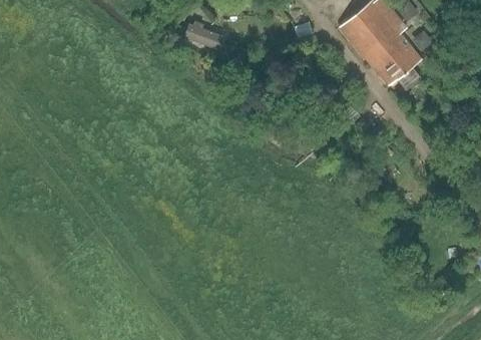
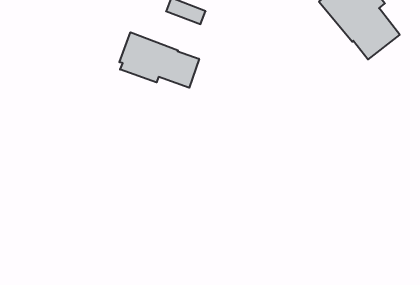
building: none -> [119,32,199,88]

